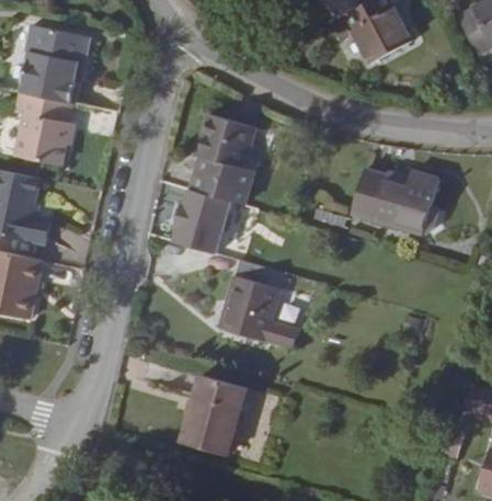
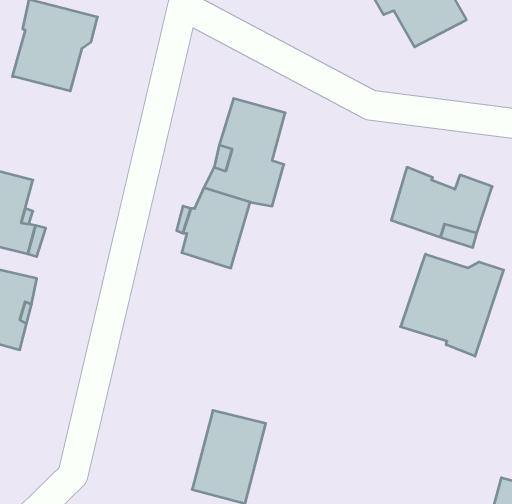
building: [22,91,77,164] -> none
building: none -> [400,254,504,356]
building: [215,259,295,348] -> none

